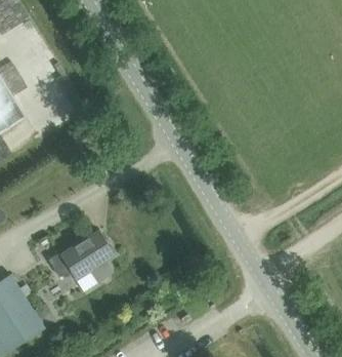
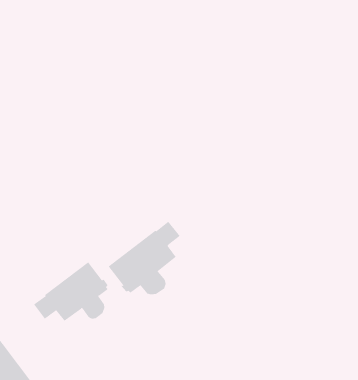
building: none -> [108,221,180,295]

